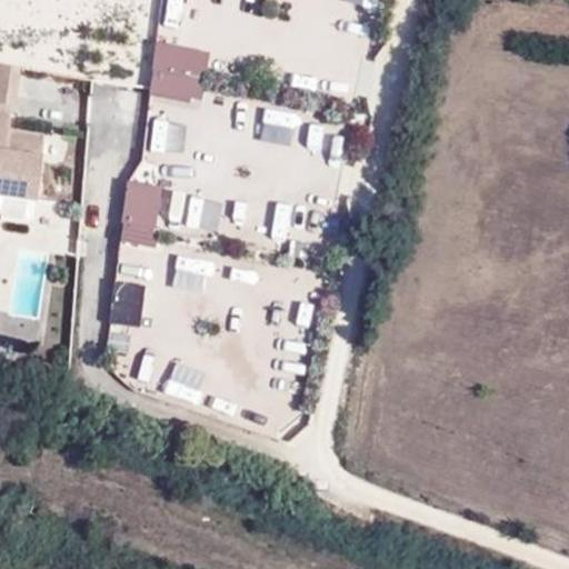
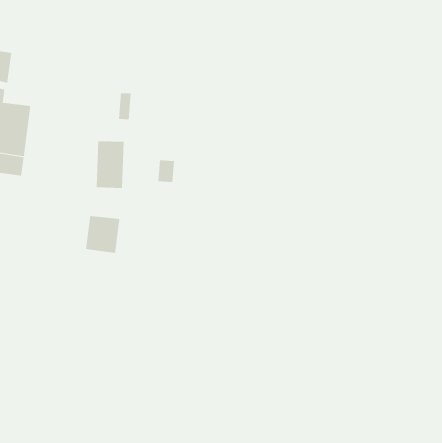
building: [144,38,210,102] -> none

